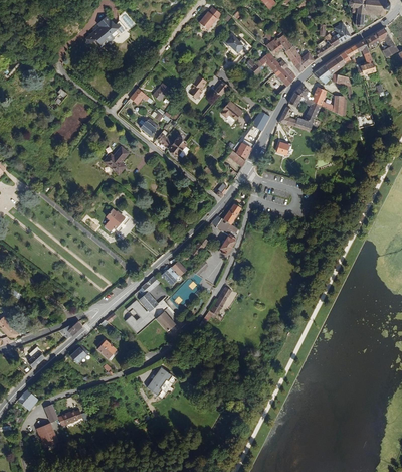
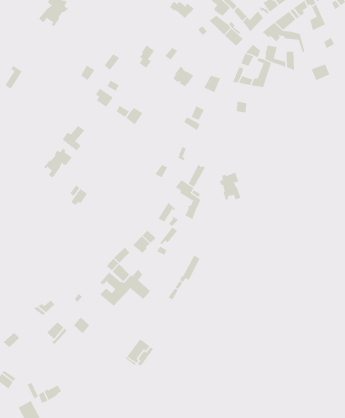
building: none -> [43,148,72,178]
building: none -> [219,172,241,201]

